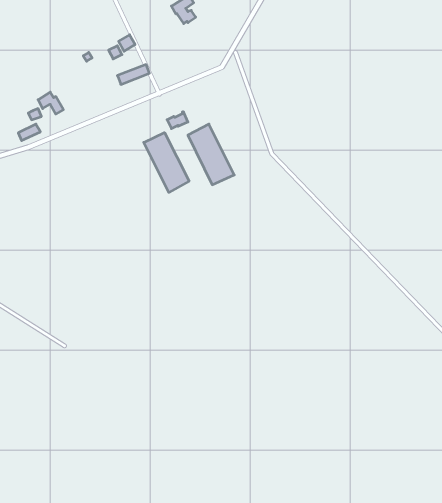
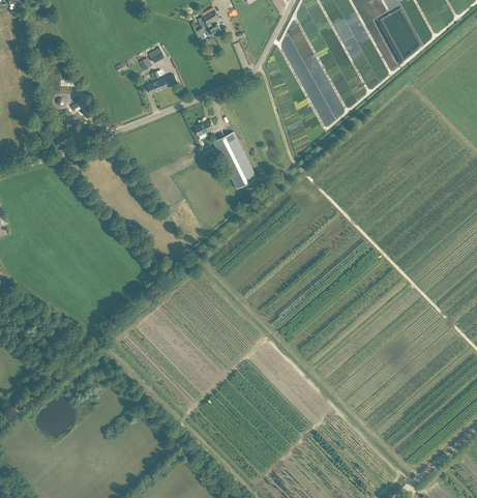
building: [144,133,189,192] -> none

